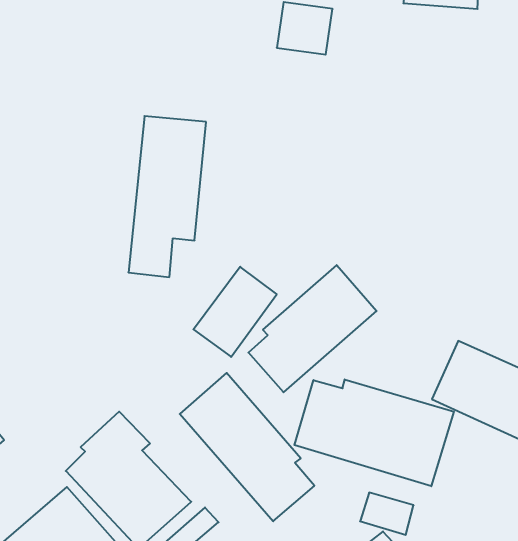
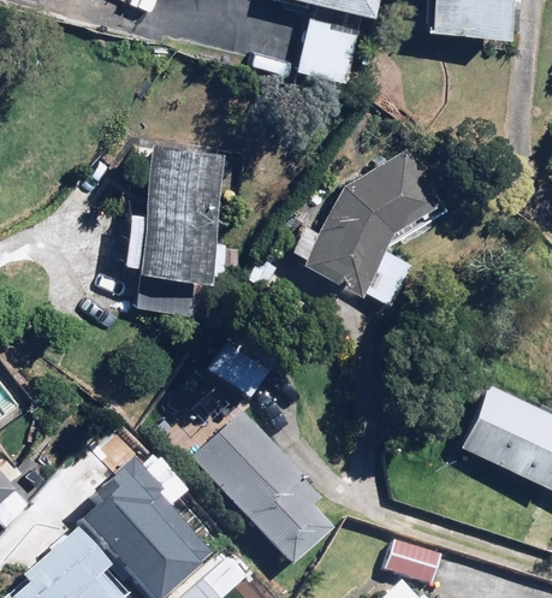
building: none -> [307,148,443,306]
building: [248,265,377,392] -> none
building: [294,379,454,486] -> none

